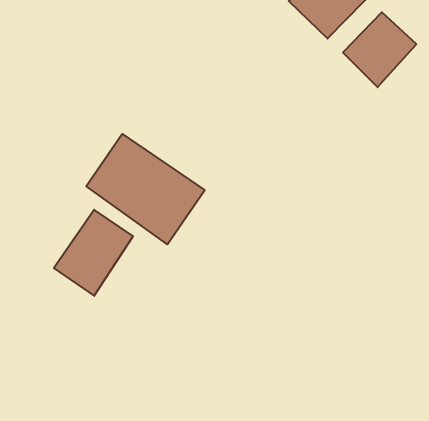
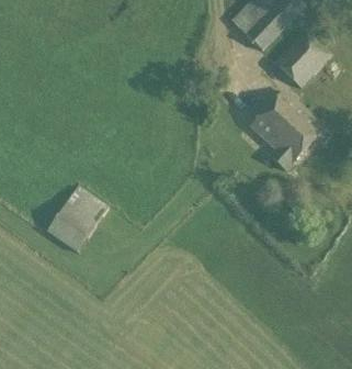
building: none -> [249,90,323,170]
building: [86,134,205,244] -> none

